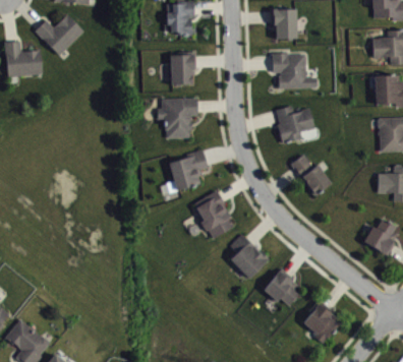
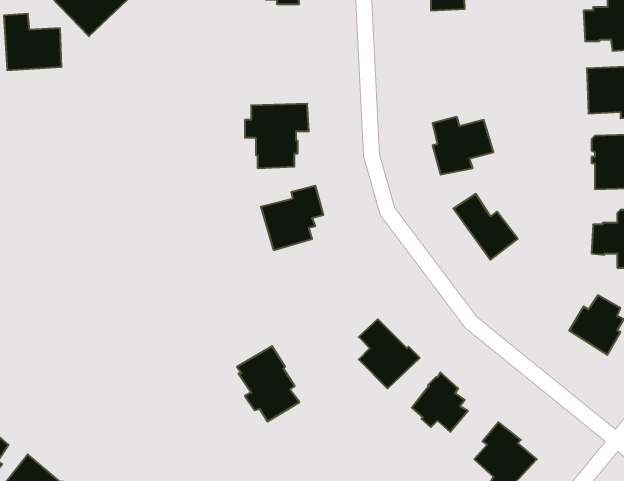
building: [170,52,196,83] -> none
building: [272,52,318,88] -> none
building: [194,190,234,238] -> [237,346,299,422]

